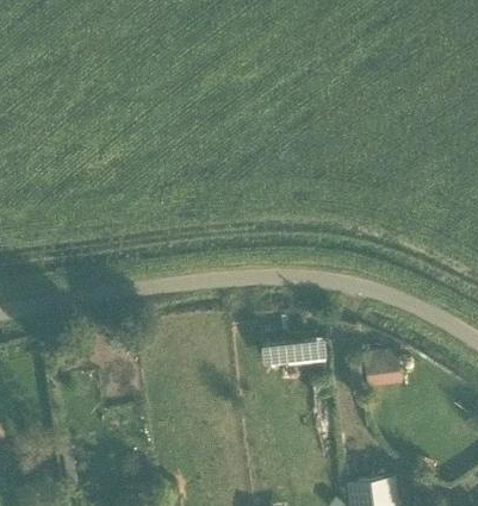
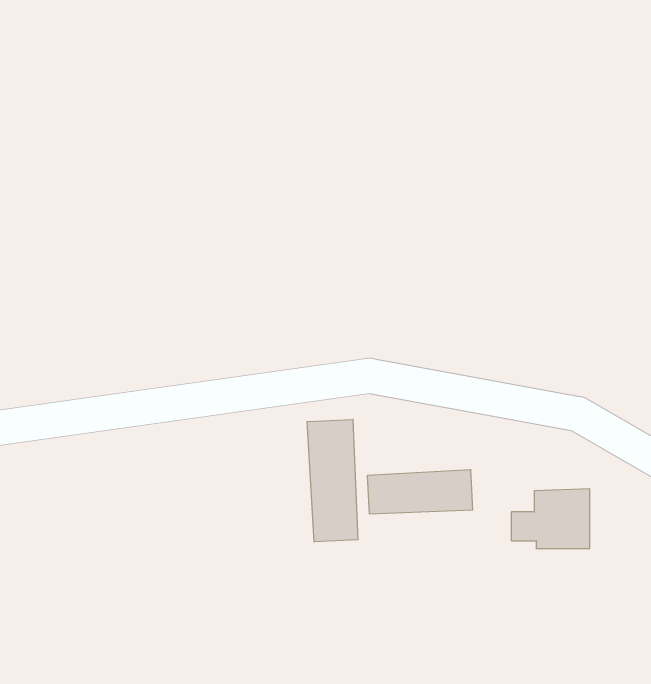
building: none -> [307,419,358,542]

